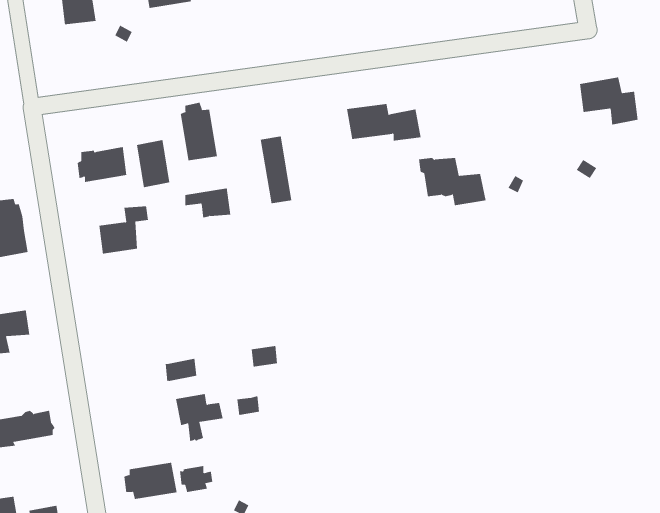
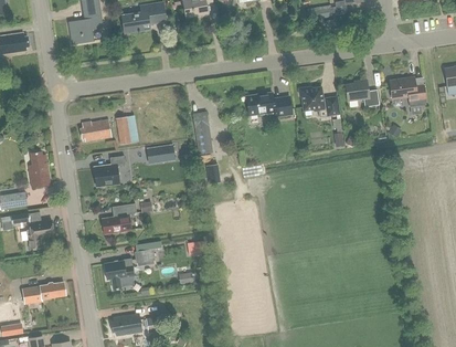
building: none -> [346,78,380,106]
building: [180,102,217,161] -> none
building: [418,157,486,206] -> [298,86,340,116]
building: none -> [99,203,134,232]
building: [175,394,223,442] -> [102,259,131,288]

